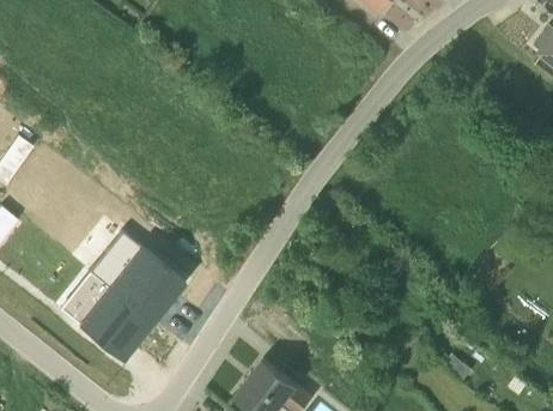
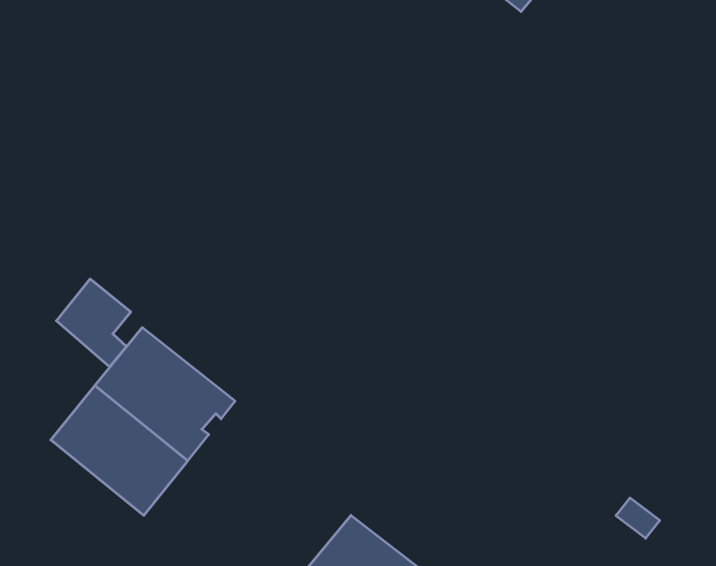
building: none -> [56,279,131,367]

